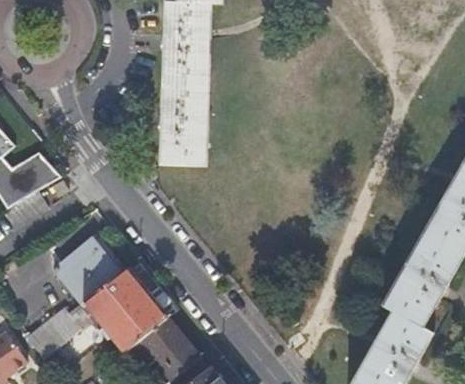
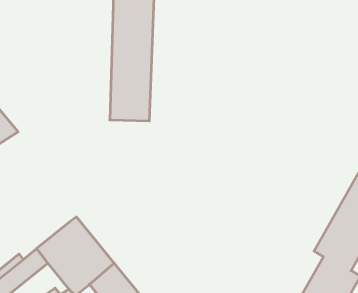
building: [53,240,118,304] -> none

